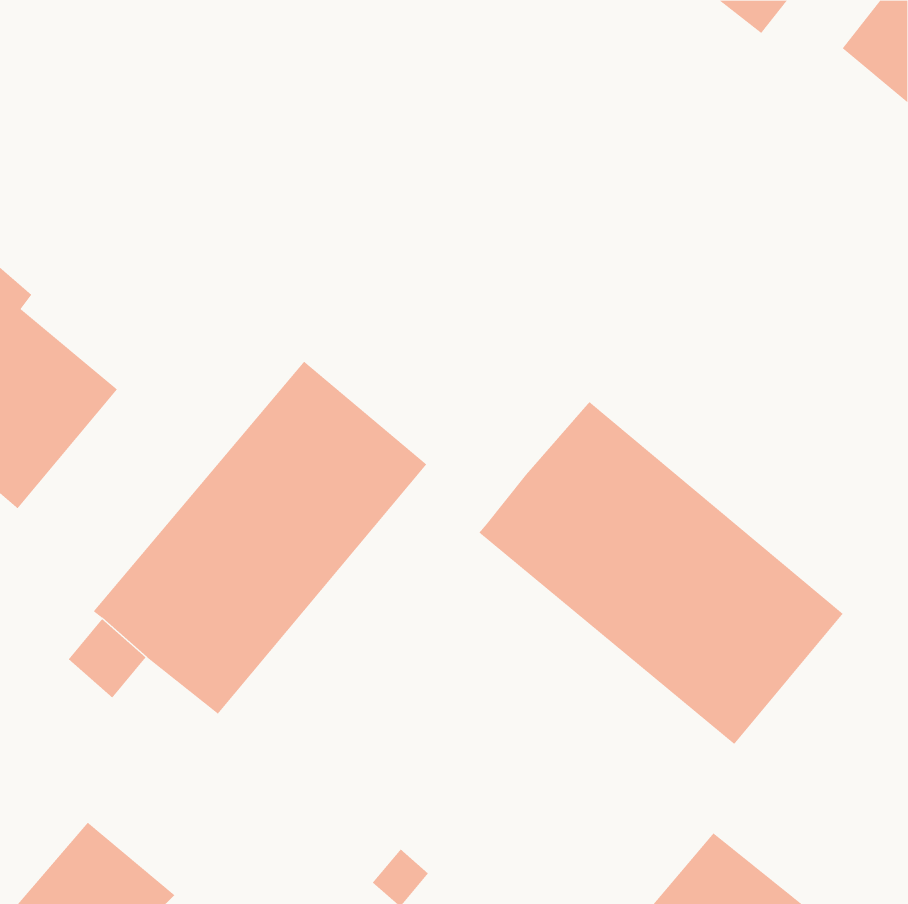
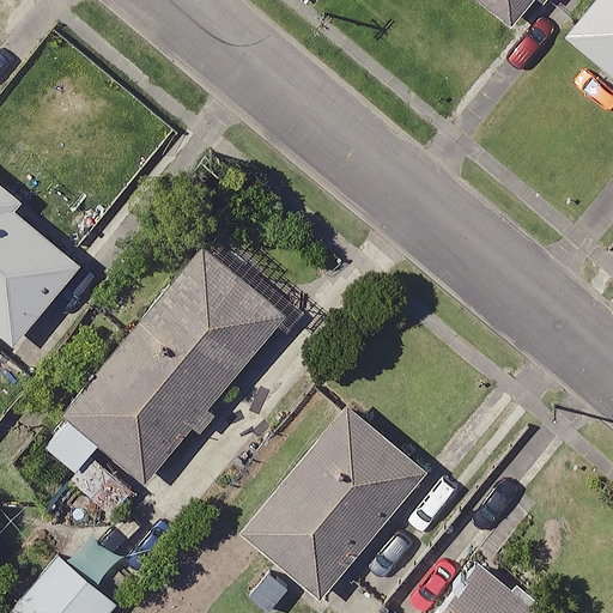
building: [478,401,843,745] -> none
building: none -> [238,406,425,600]

